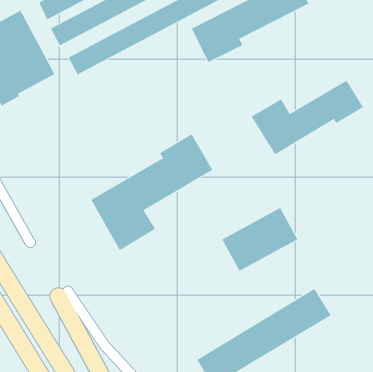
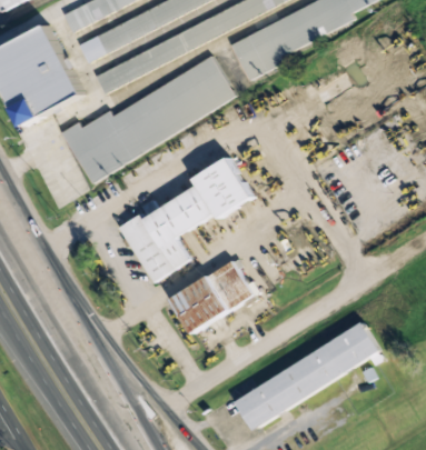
building: none -> [61,57,236,181]
building: [251,80,364,155] -> none
building: [221,207,298,272] -> [172,261,255,330]

